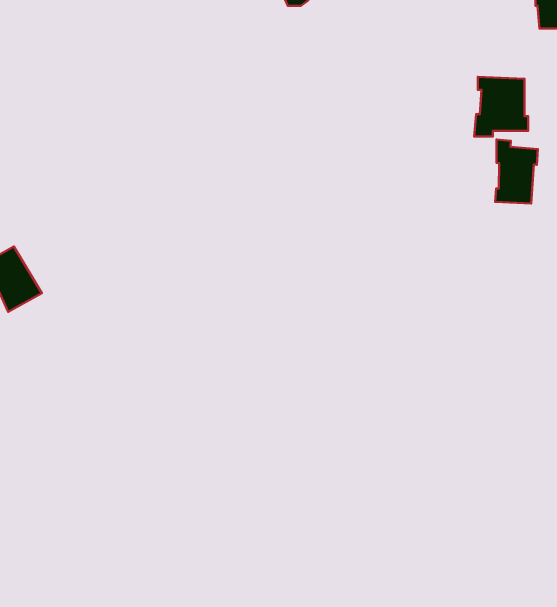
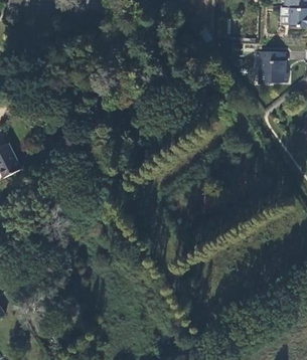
building: [495,140,538,203] -> none

